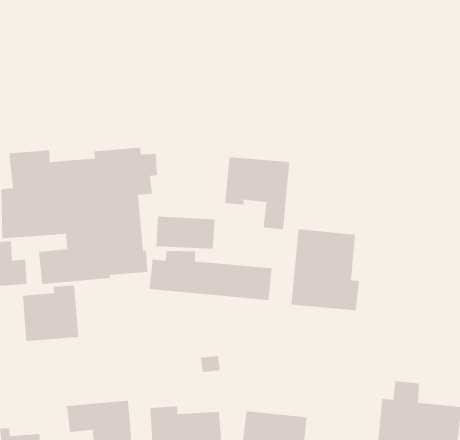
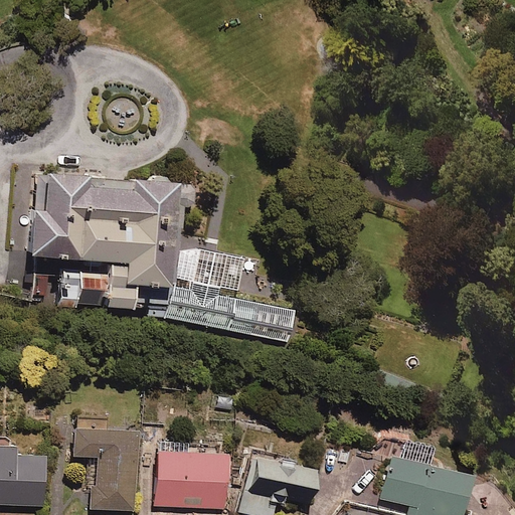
building: [224,157,290,230] -> none
building: [291,228,359,311] -> none
building: [23,285,79,342] -> none

